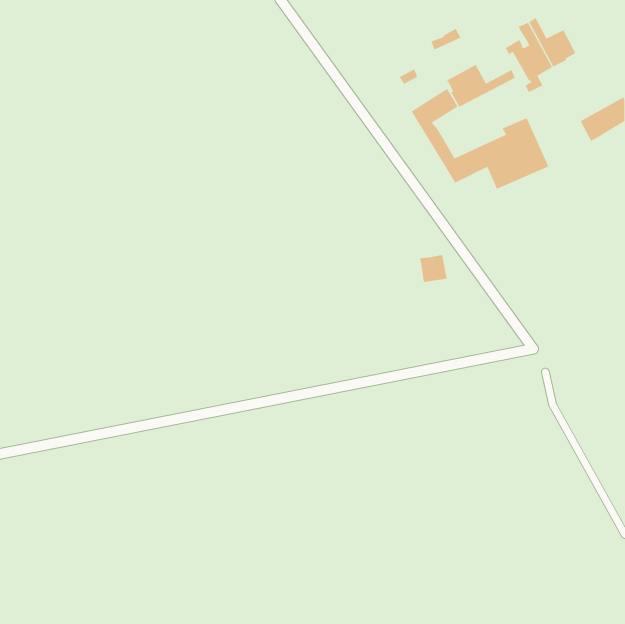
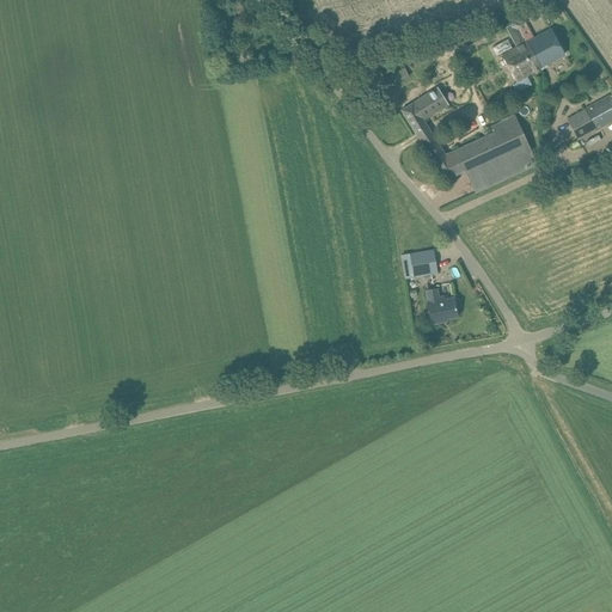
building: [444,64,515,107] -> none
building: none -> [427,288,461,322]

